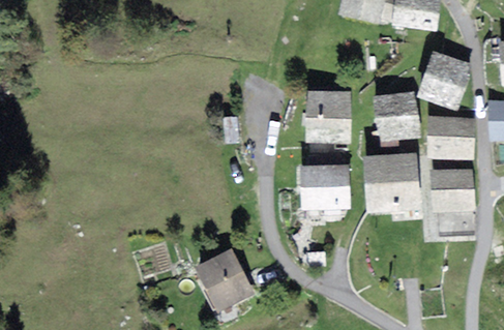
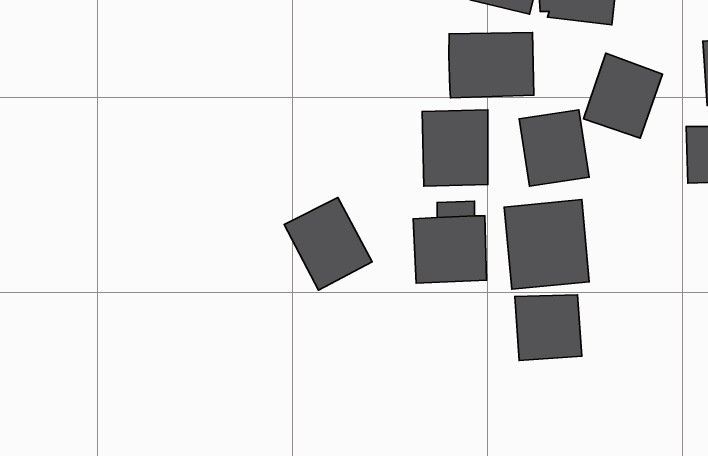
building: none -> [449,33,534,98]
building: [425,115,474,159] -> none
building: [428,169,475,214] -> [515,295,582,361]
building: [192,248,254,312] -> [284,198,372,290]

